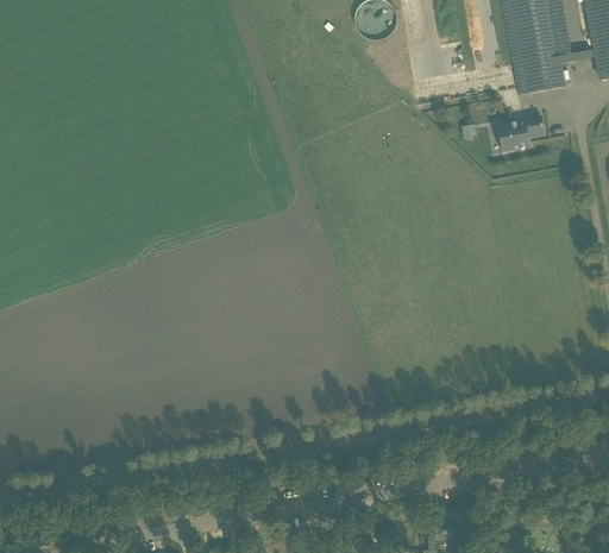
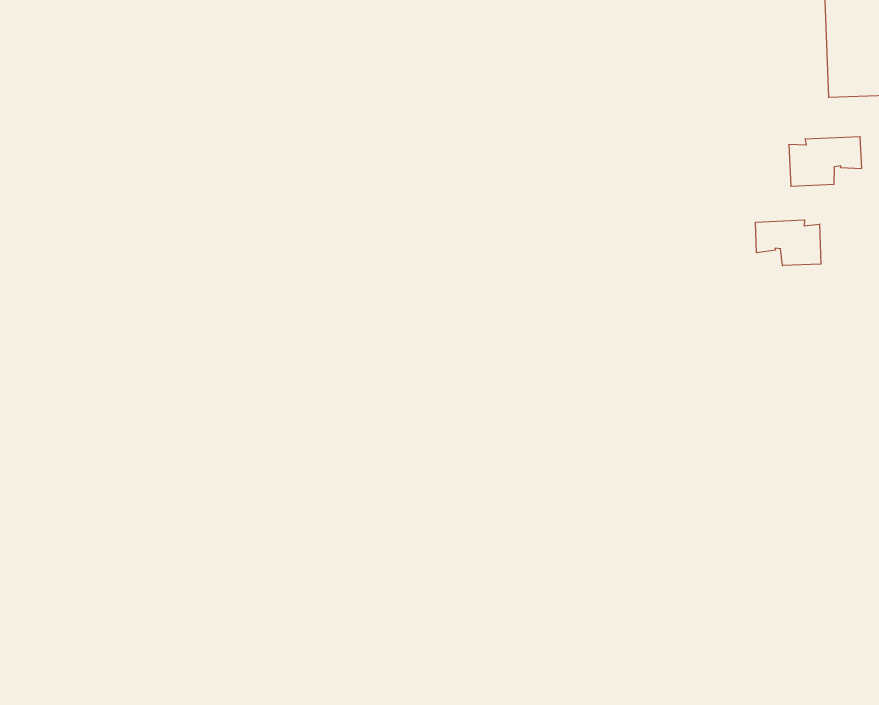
building: none -> [755,220,821,266]

